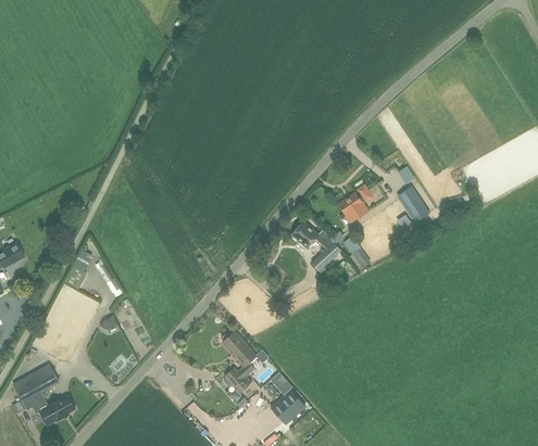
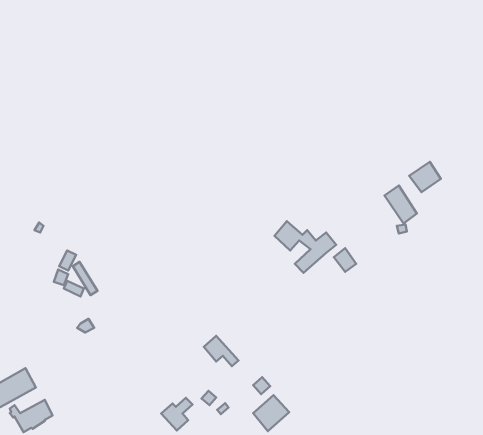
building: none -> [409,162,441,192]
building: [339,184,373,221] -> none
building: [224,361,254,393] -> [161,398,193,430]

